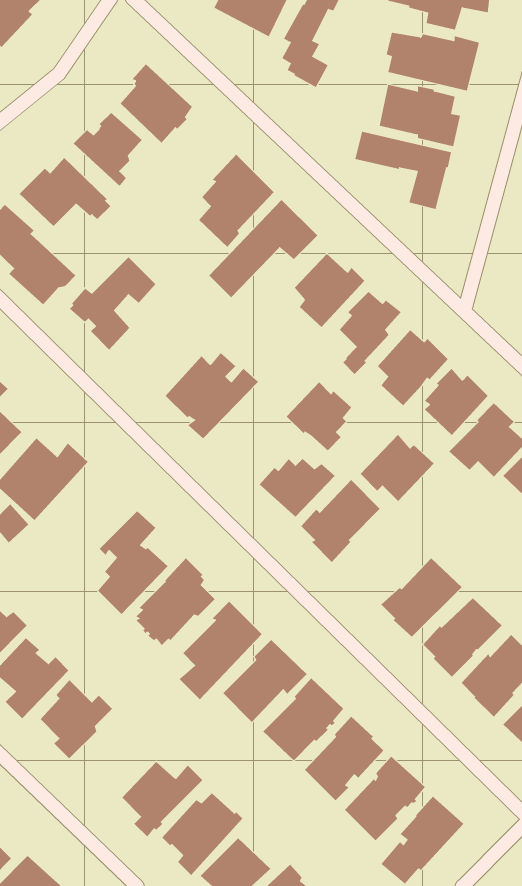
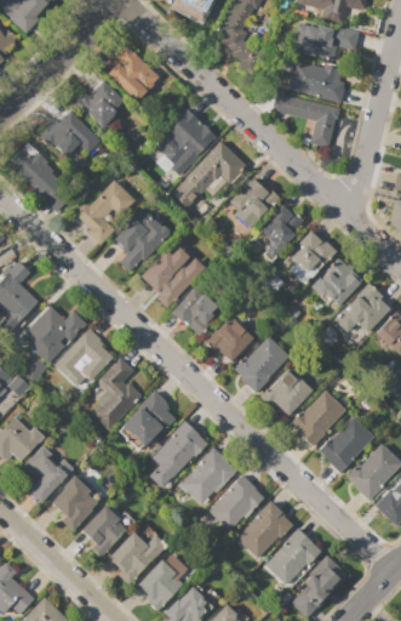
building: none -> [114,212,171,272]
building: [286,382,352,451] -> [171,286,217,335]
building: [360,434,435,502] -> [260,369,313,416]
building: none -> [53,327,114,387]
building: none -> [80,505,134,557]

